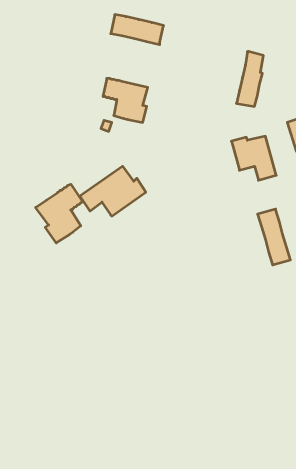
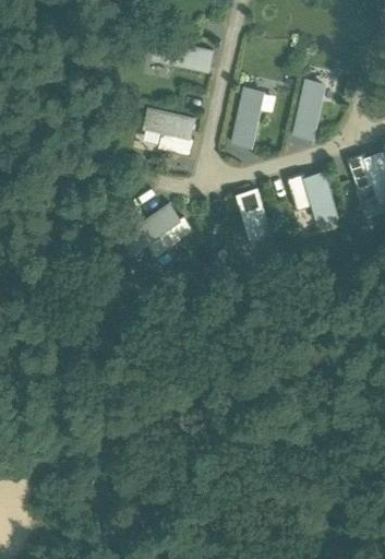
building: none -> [231,86,263,147]
building: [36,184,83,243] -> none
building: [258,209,290,265] -> [238,189,274,250]

